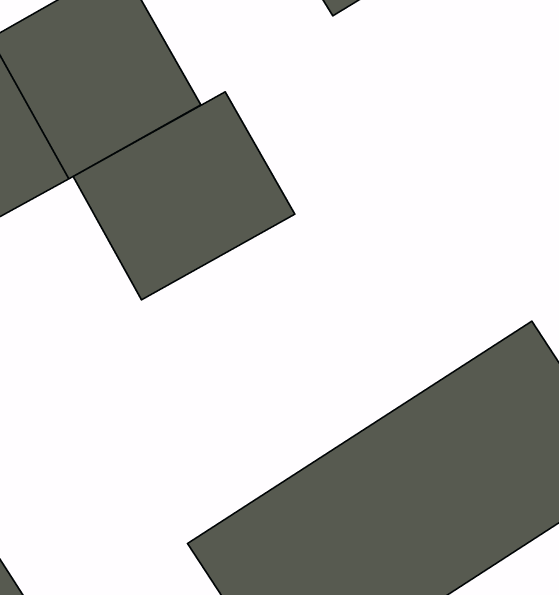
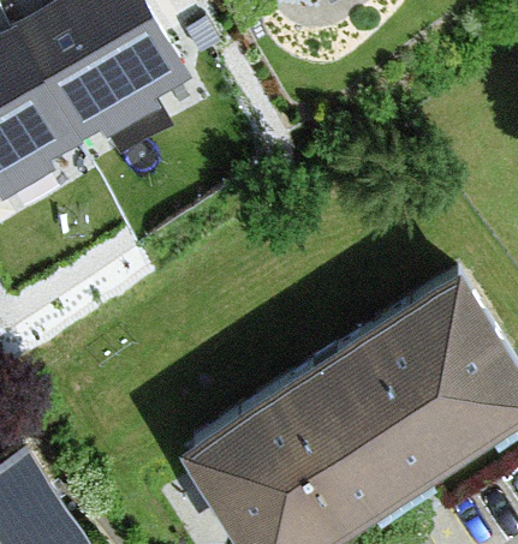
building: [73,92,295,300] -> none

